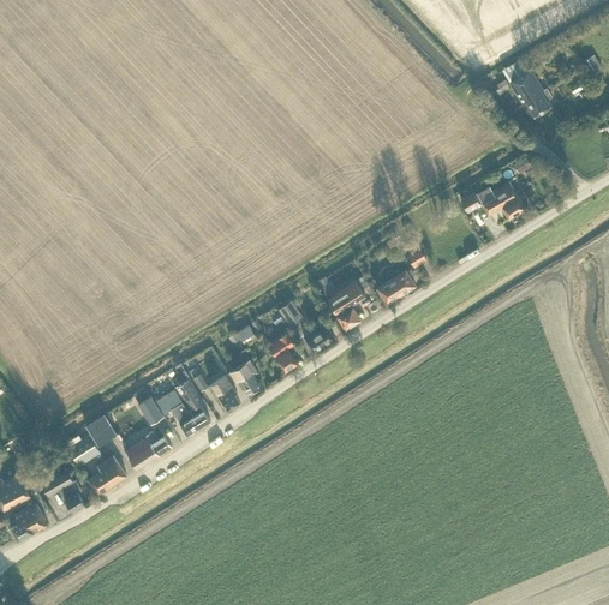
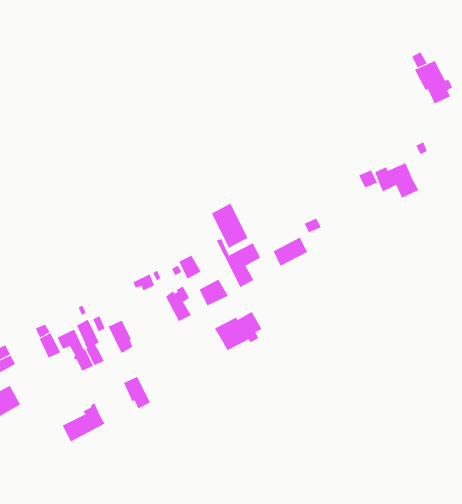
building: none -> [211,203,248,249]
building: none -> [214,311,262,351]
building: [229,361,261,396] -> [123,376,151,409]
building: [124,424,169,468] -> [62,403,105,442]

